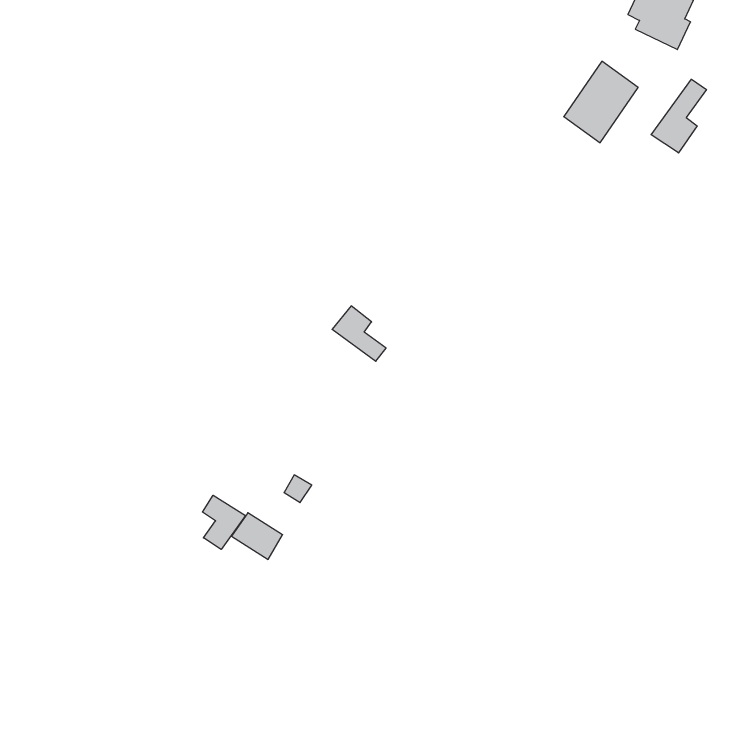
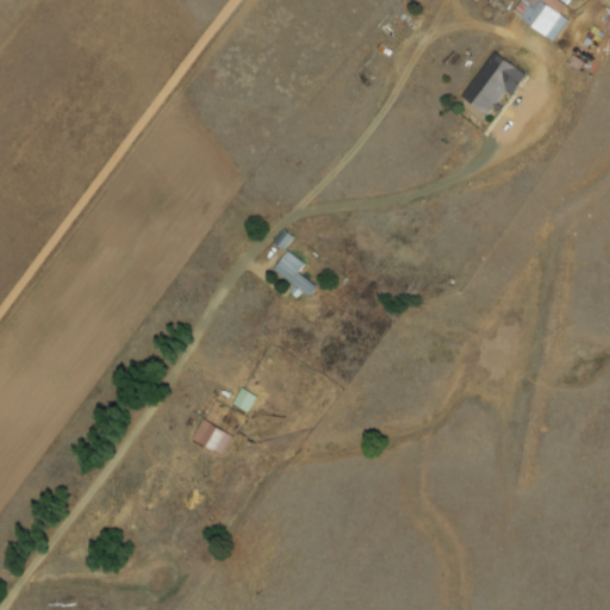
building: [651,79,706,153] -> none
building: [202,495,246,549] -> none

